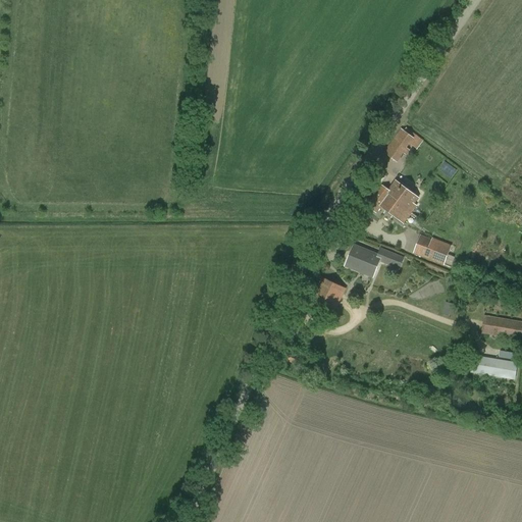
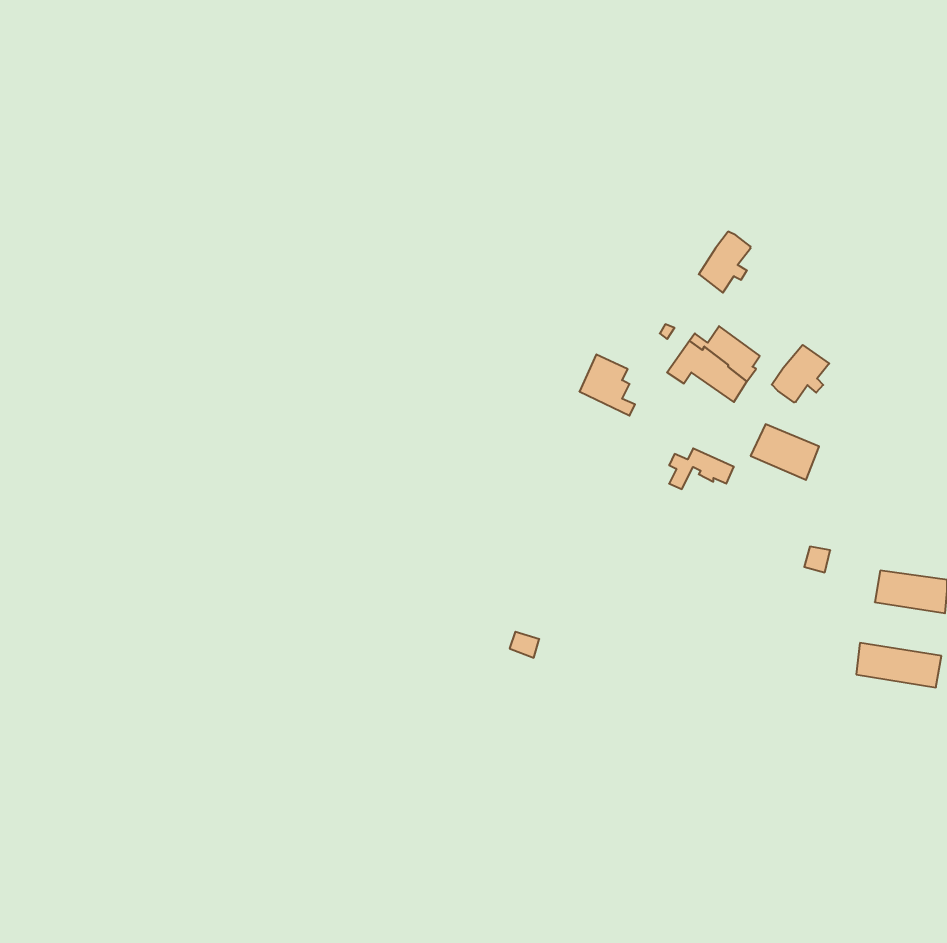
building: none -> [772,345,829,402]
building: [345,242,375,275] -> [579,354,635,416]
building: [312,276,346,308] -> none

